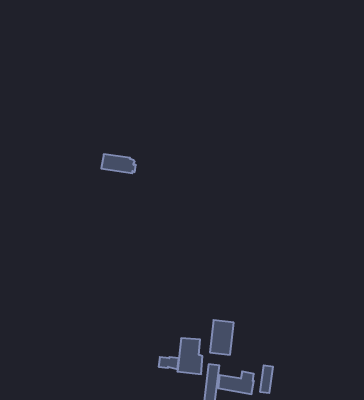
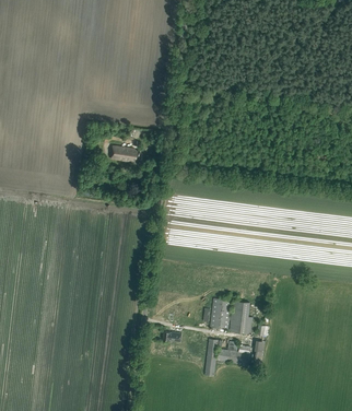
building: [177,338,202,374] -> [228,301,251,333]

